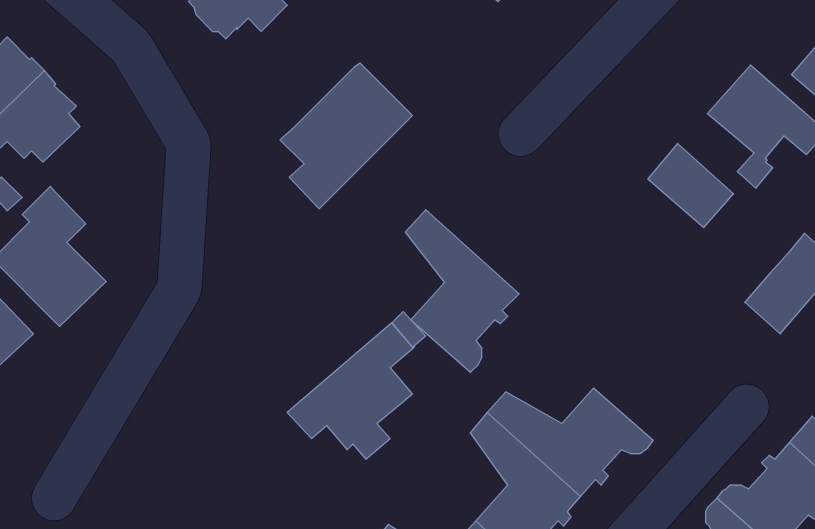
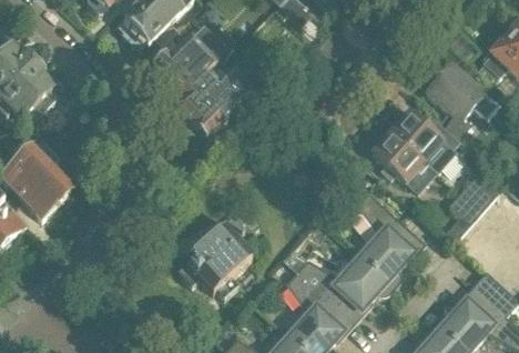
building: none -> [151,29,217,99]
building: none -> [373,130,436,191]
building: [405,210,519,372] -> [356,189,424,285]

